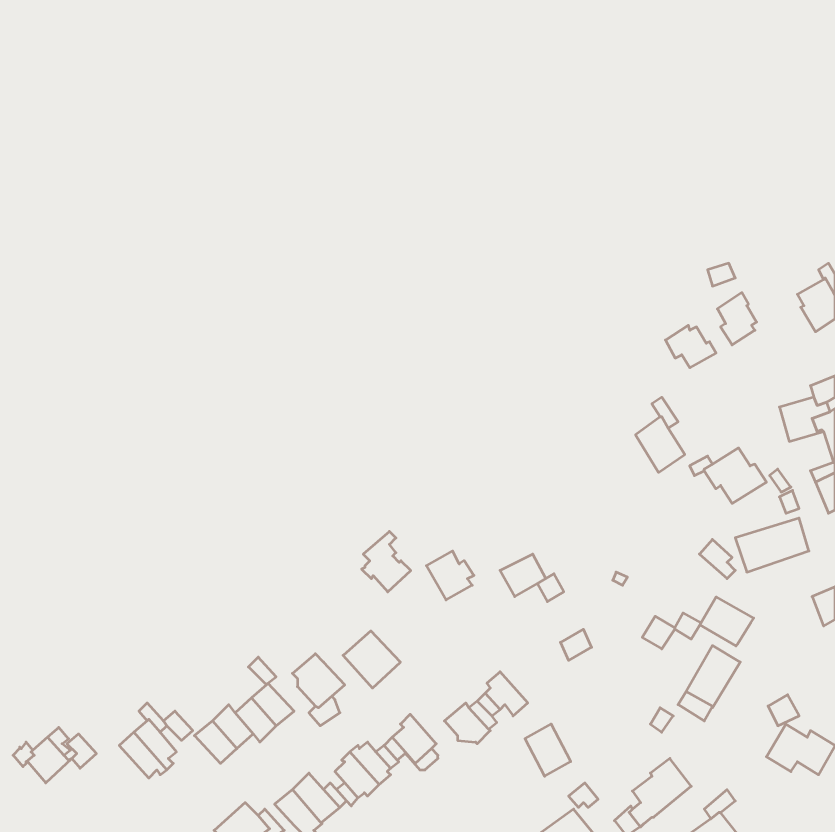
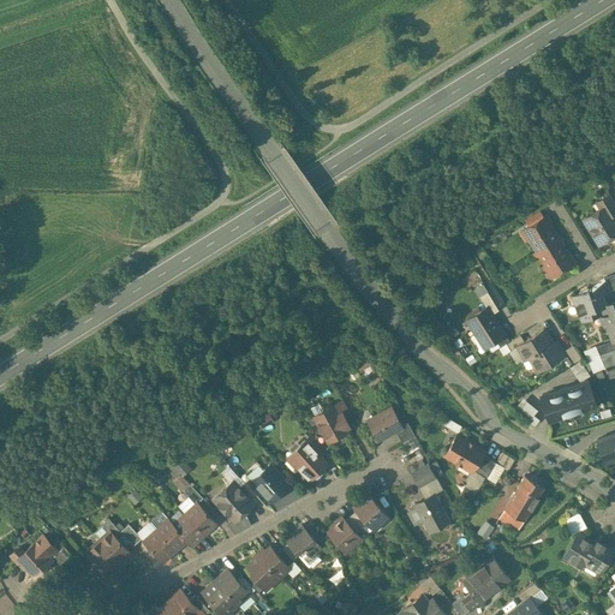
building: [665,325,716,368] -> [538,245,575,276]
building: [362,531,411,592] -> [291,437,327,482]
building: [700,597,754,646] -> [444,436,484,472]
building: [525,724,571,776] -> [414,495,448,533]

